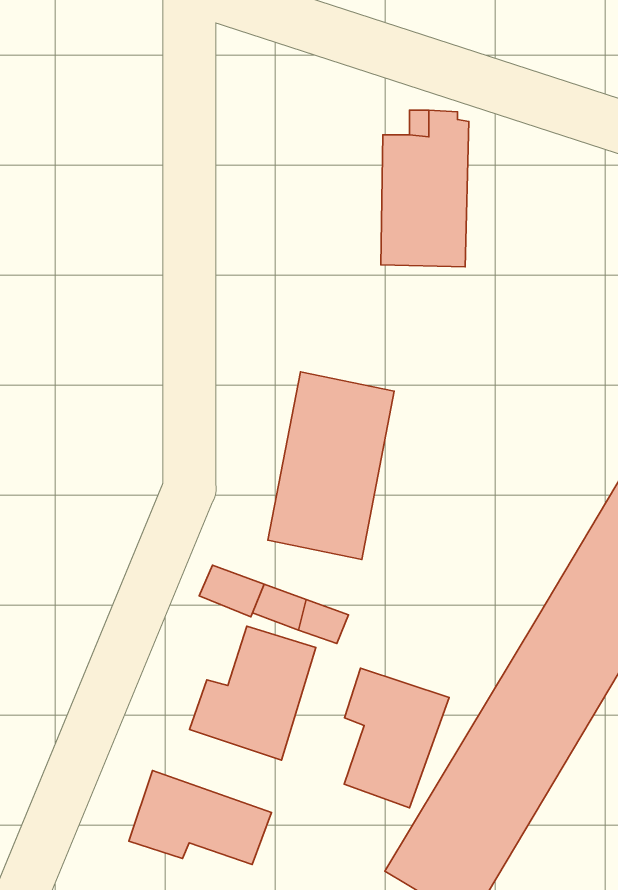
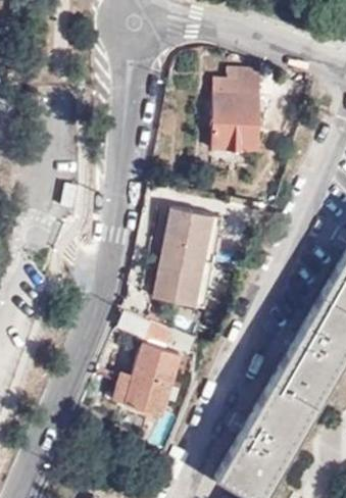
building: [344,668,449,808] -> none
building: [129,770,272,864] -> none

